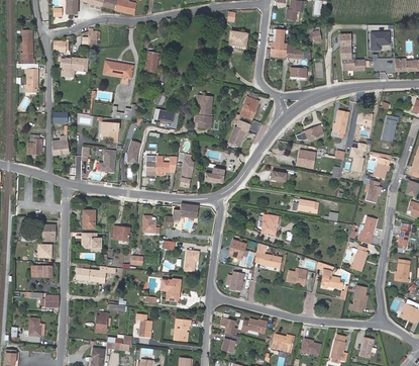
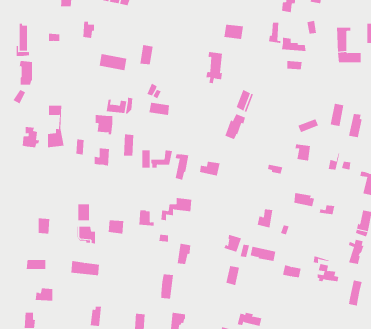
building: [60,58,88,77] -> none
building: [195,95,212,127] -> [205,51,223,84]

